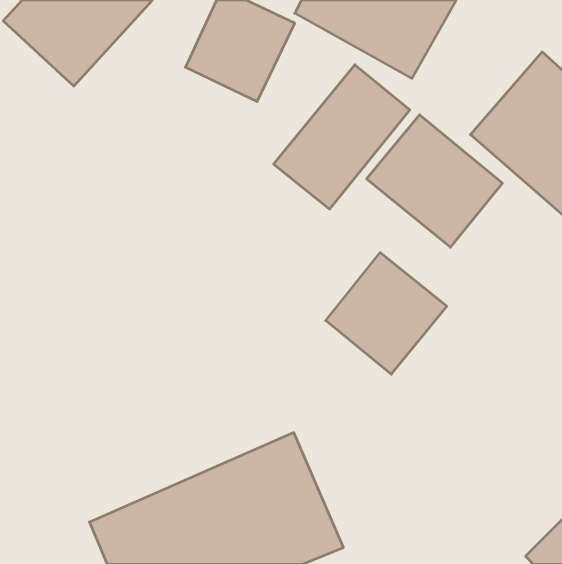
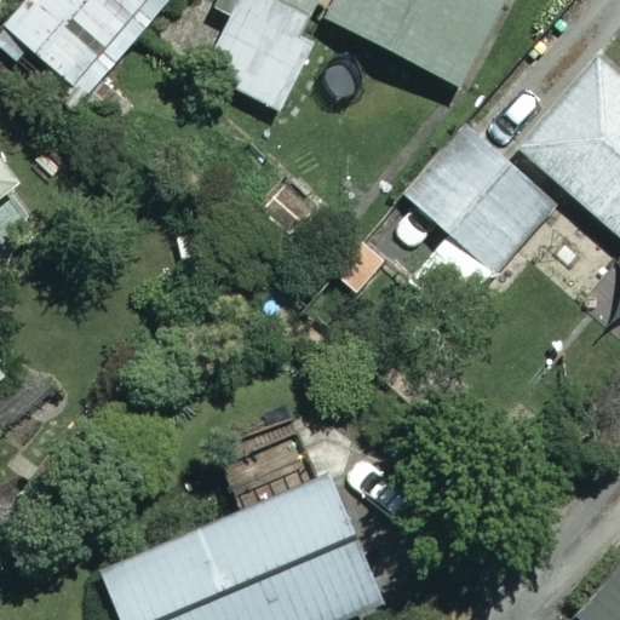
building: [274,65,410,209] -> none
building: [326,253,447,374] -> none

